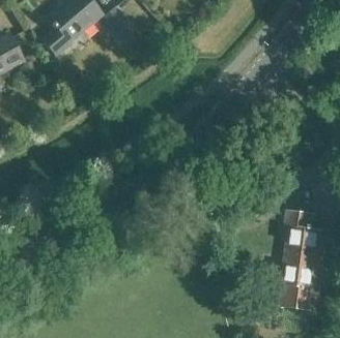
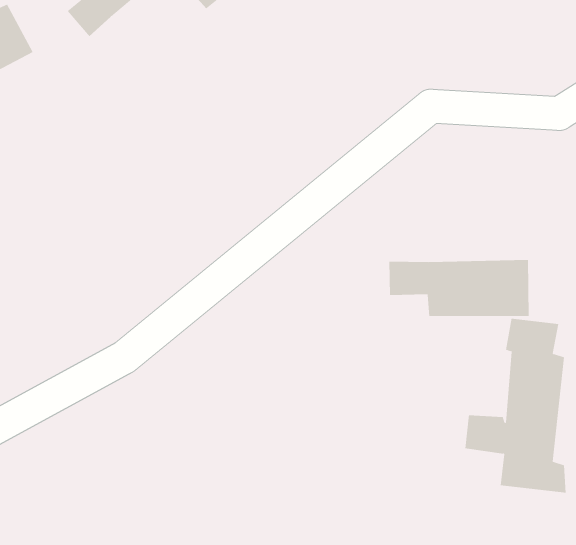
building: none -> [389,259,529,317]

